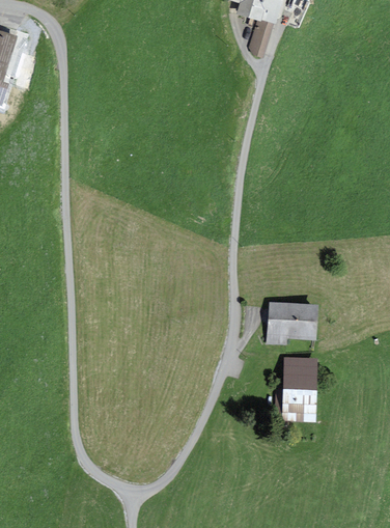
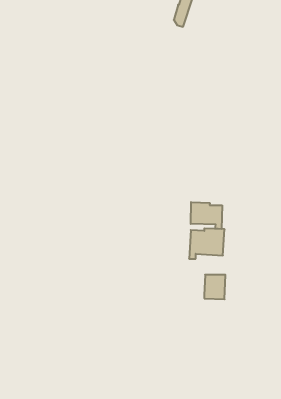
building: none -> [191,202,222,229]
building: [277,385,312,420] -> none

